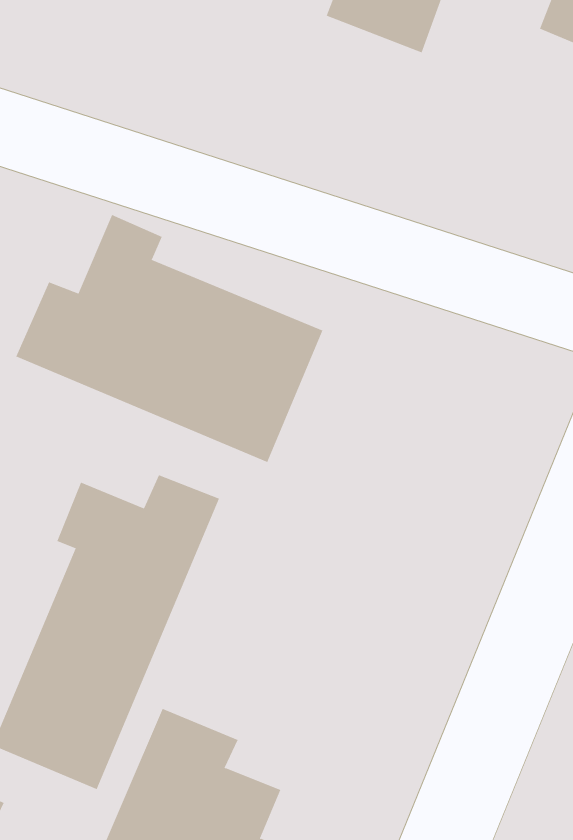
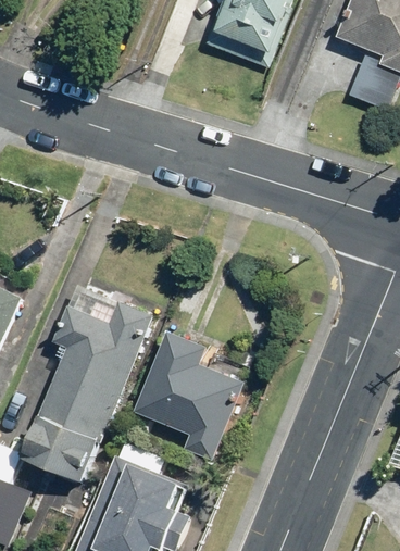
building: [16,214,323,463] -> none
building: none -> [135,334,241,460]

